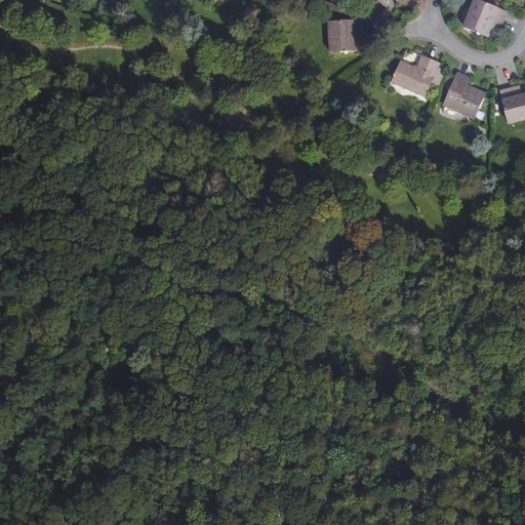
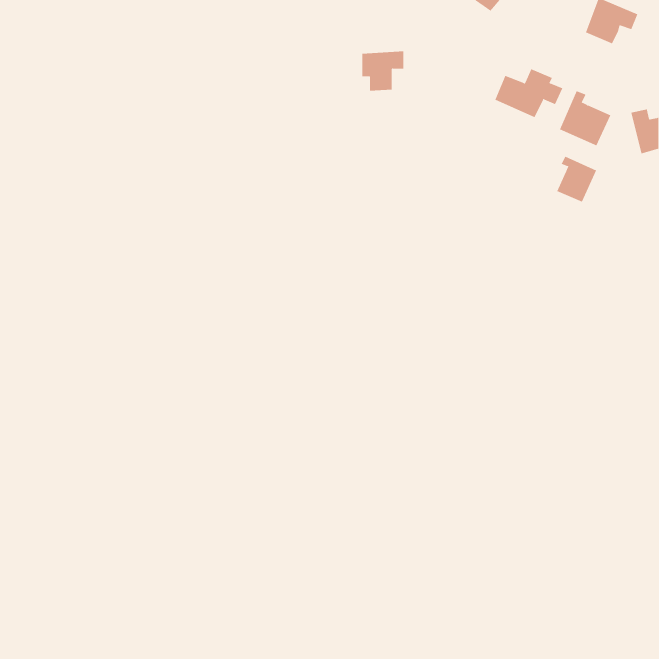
building: [328,18,362,50] -> [362,51,404,91]
building: none -> [557,156,597,203]

